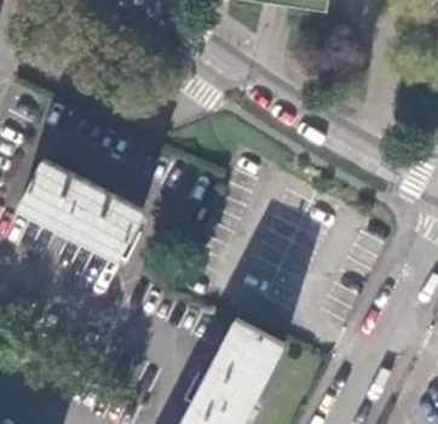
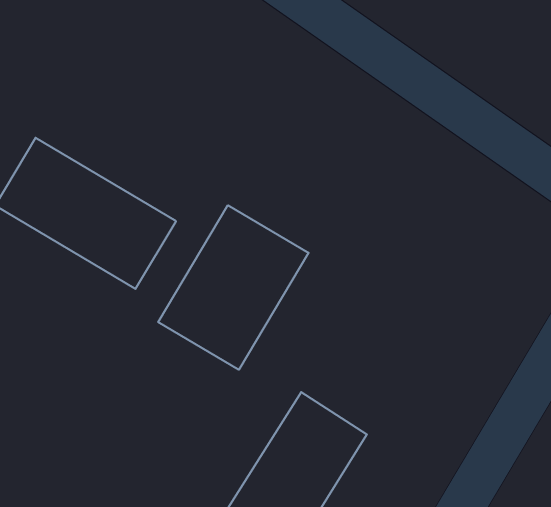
building: none -> [158,205,309,370]

